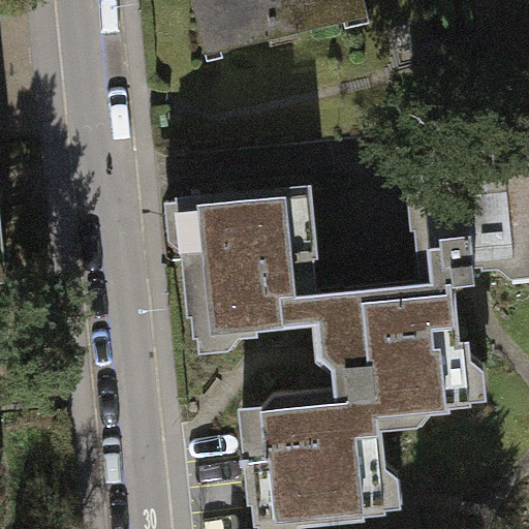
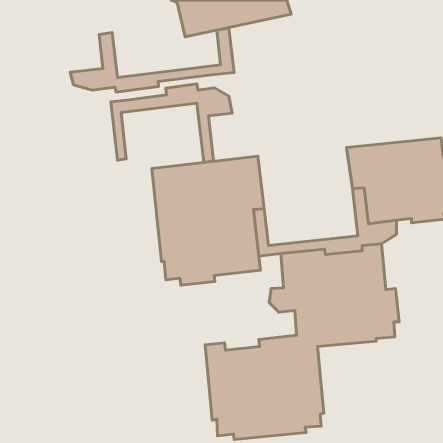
building: none -> [70,28,234,92]
building: none -> [111,84,232,162]

